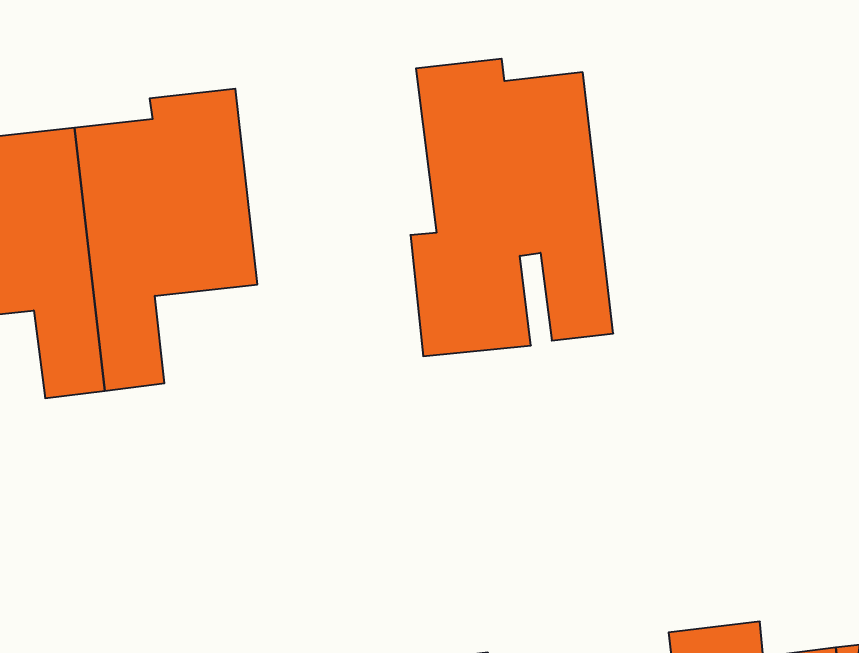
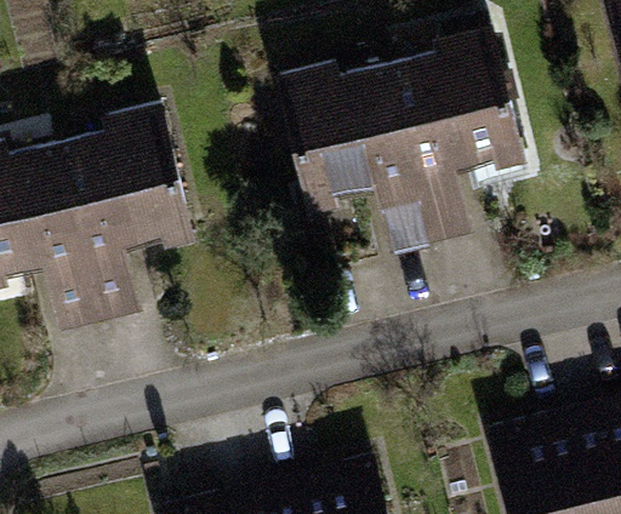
building: none -> [391,32,524,241]

